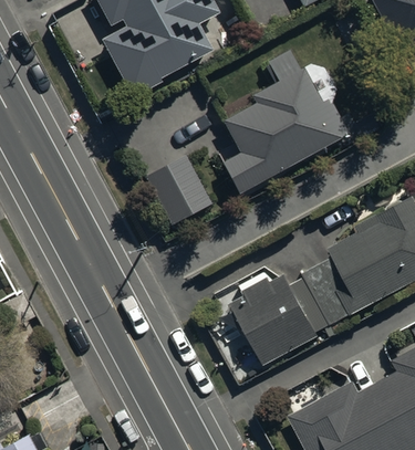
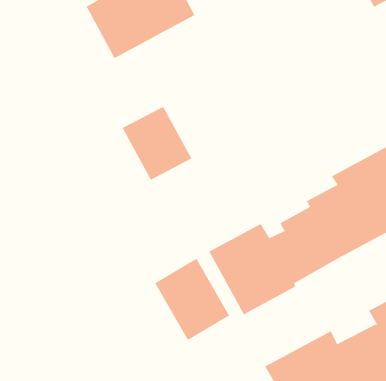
building: [218,63,347,192] -> none
building: none -> [154,258,230,341]

